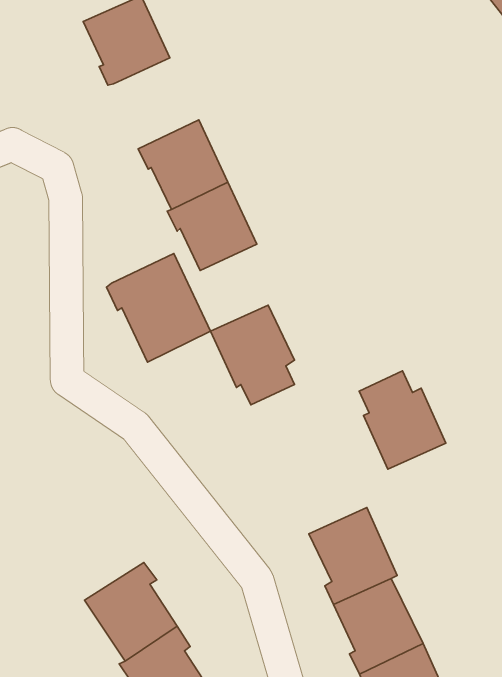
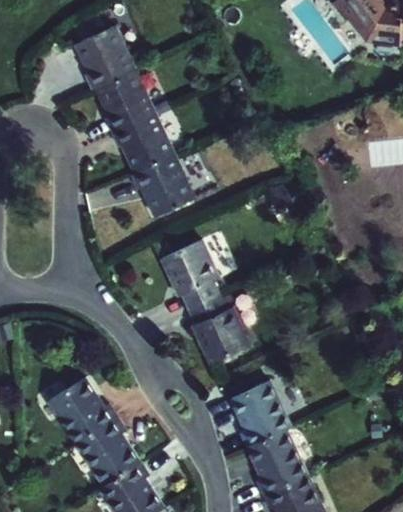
building: none -> [96,69,155,132]
building: [106,254,210,362] -> none
building: [359,371,446,469] -> [191,295,251,363]
building: none -> [48,378,117,444]

